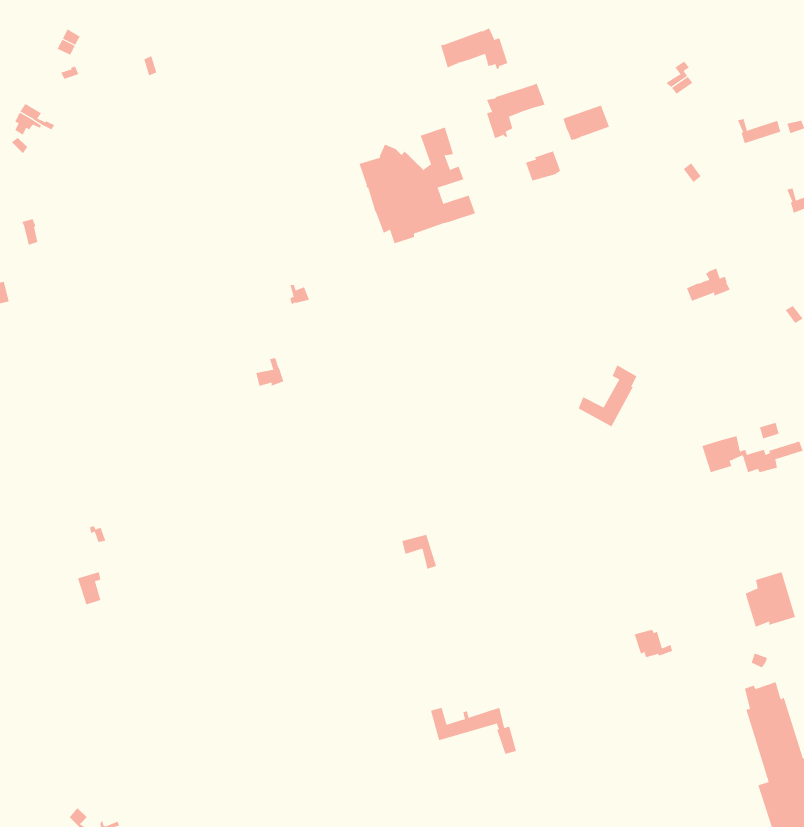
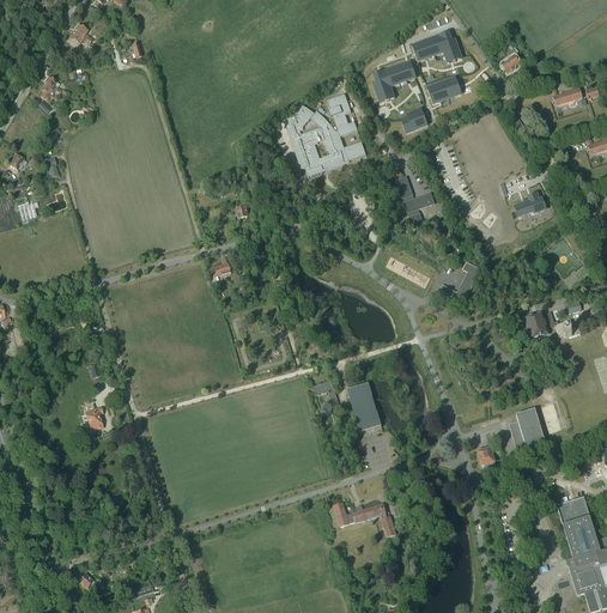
building: [440,27,508,70] -> [413,31,461,61]
building: none -> [395,175,435,227]
building: none -> [347,382,381,431]
building: [745,571,796,627] -> [509,407,545,447]

